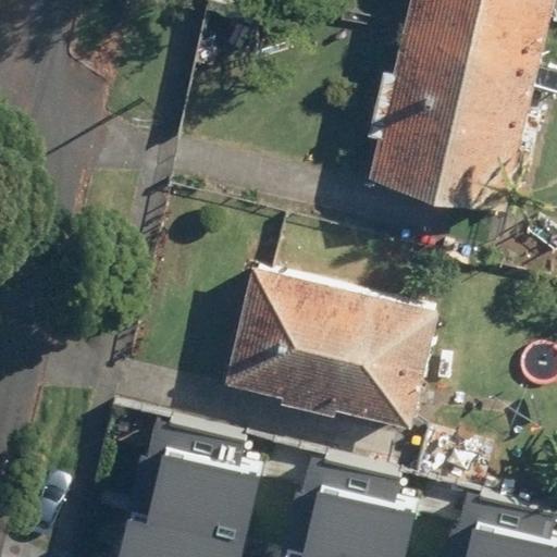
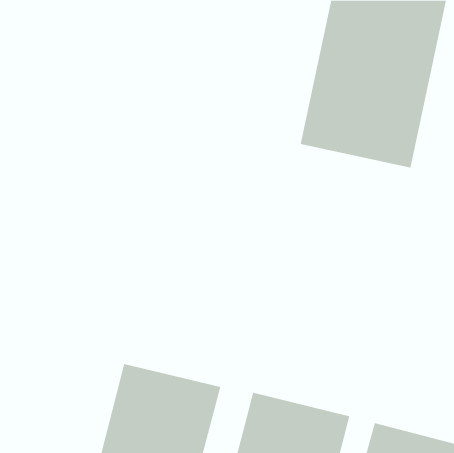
building: [224,268,432,425] -> none

